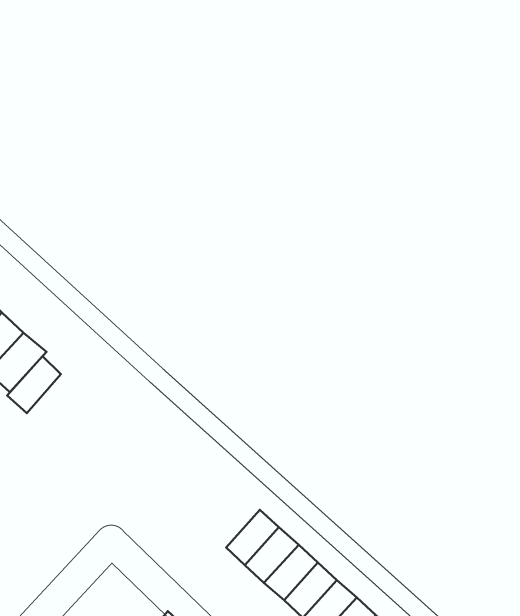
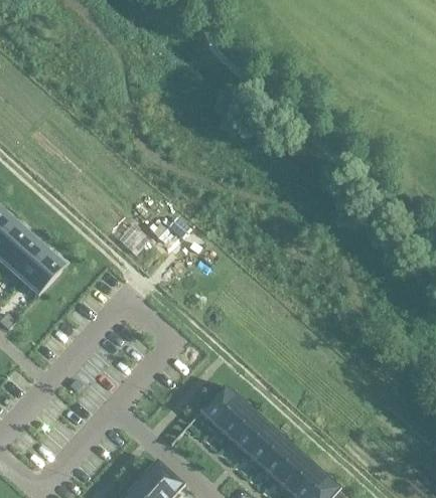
building: [7,356,61,413] -> none

